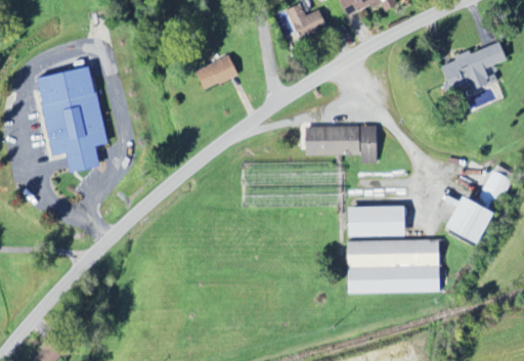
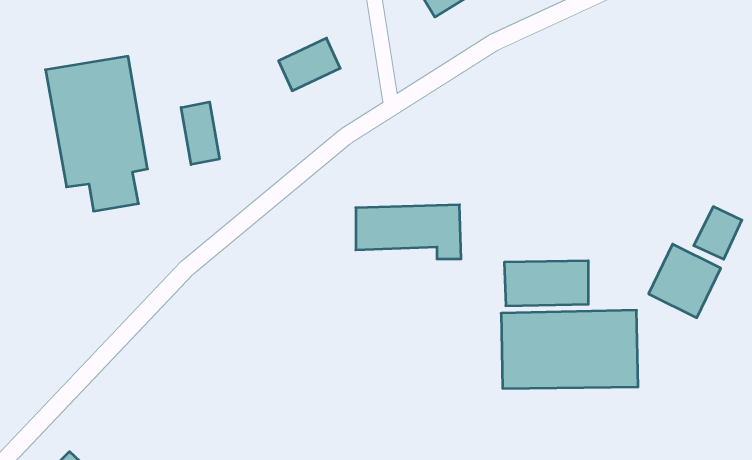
building: [443,42,508,104] -> none
building: none -> [181,102,219,165]
building: [305,125,377,162] -> [356,205,461,259]

